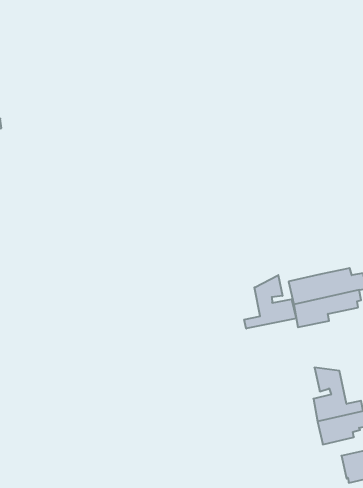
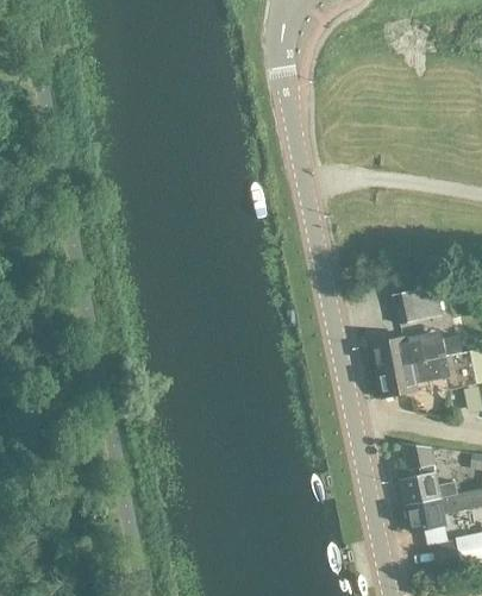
building: none -> [395,286,445,325]
building: [244,275,296,329] -> none

